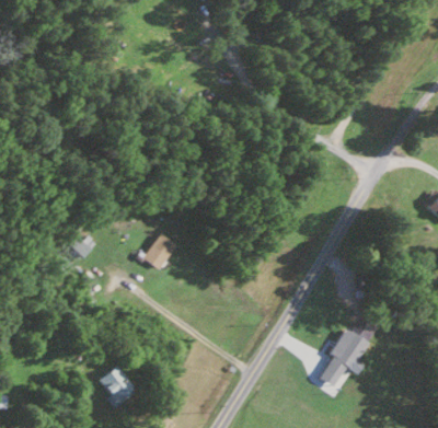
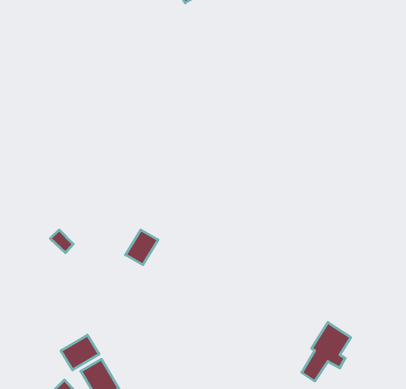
building: none -> [61,335,99,370]

